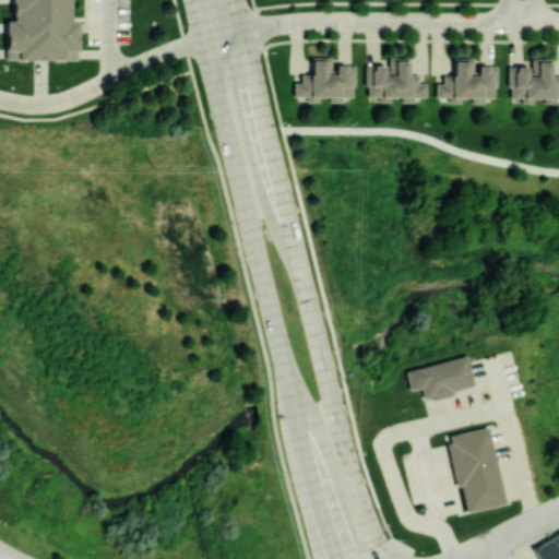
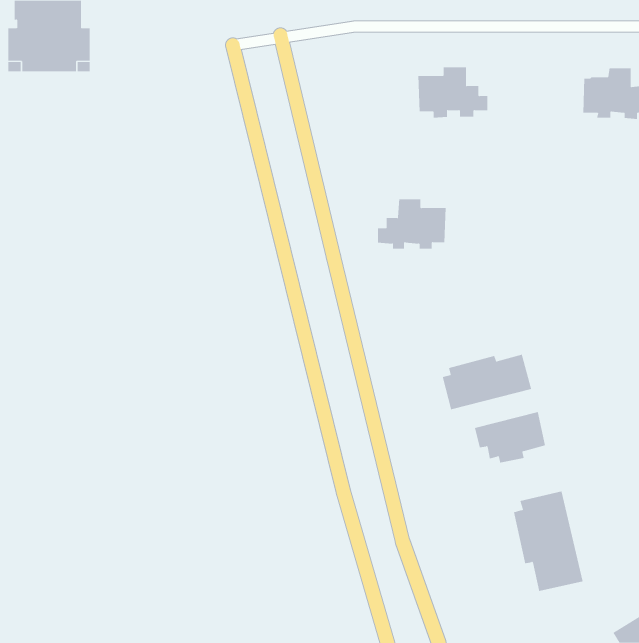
building: [295,58,355,102] -> [377,199,446,249]
building: [437,59,497,103] -> none
building: none -> [442,354,532,410]

